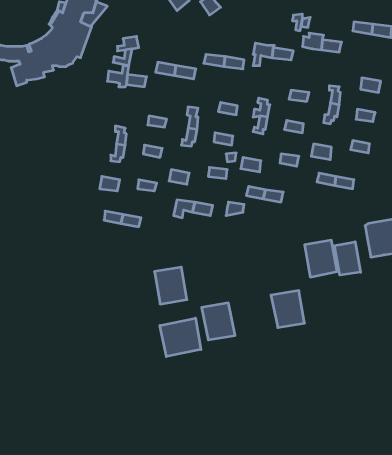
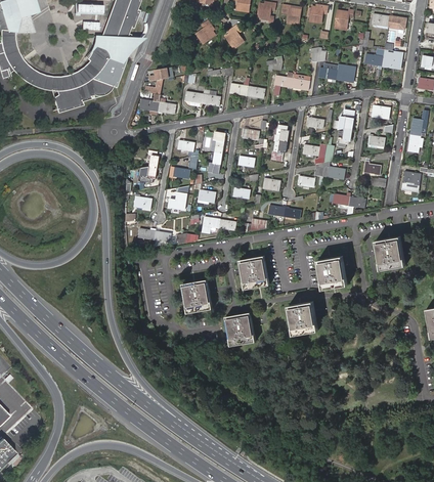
building: none -> [241,254,271,288]
building: [335,242,361,275] -> none
building: [160,318,201,357] -> none

